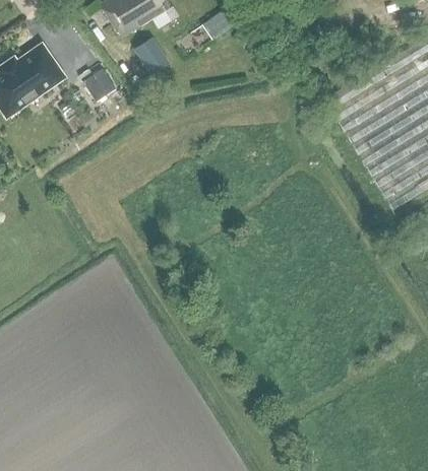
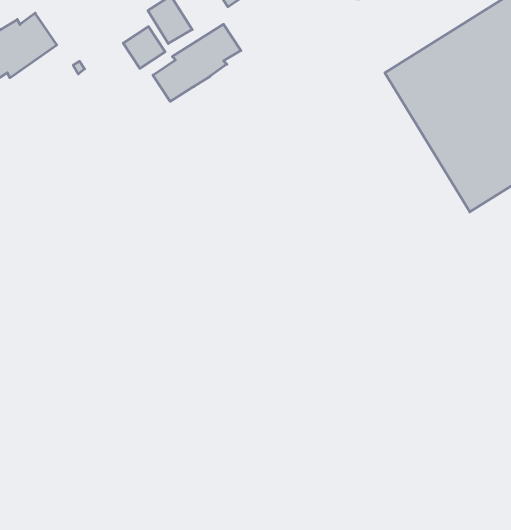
building: none -> [153,24,241,101]
building: [82,68,116,102] -> [123,27,165,68]

